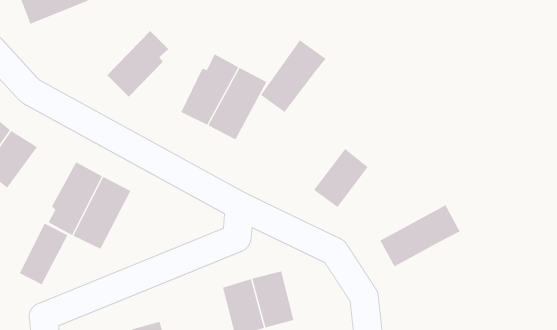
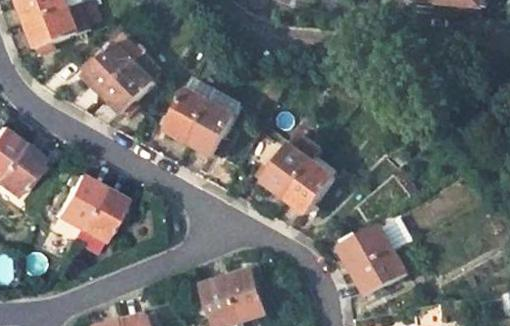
building: none -> [78,37,137,96]
building: [260,40,327,113] -> [260,133,319,198]
building: [19,223,68,285] -> none
building: none -> [354,245,407,291]

